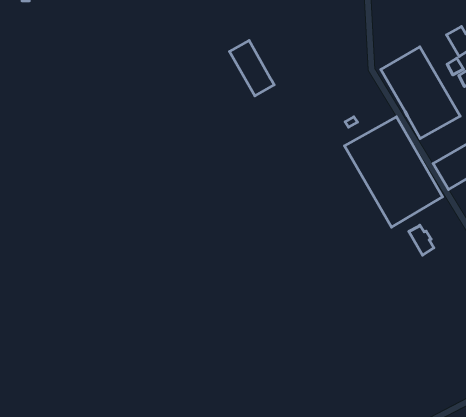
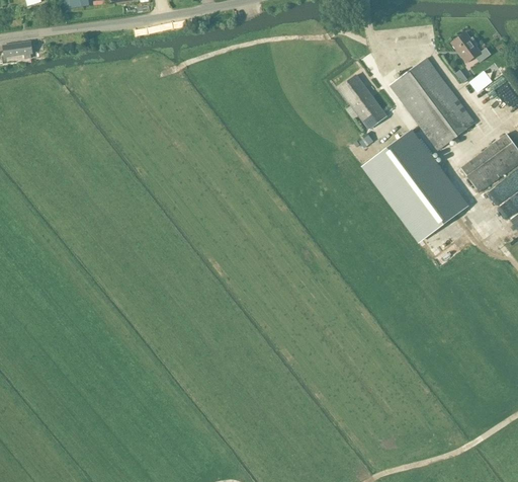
building: [230,41,274,96] -> [339,75,387,130]
building: [409,225,434,255] -> none

